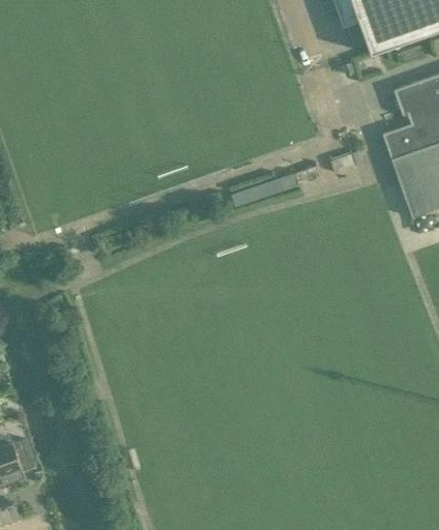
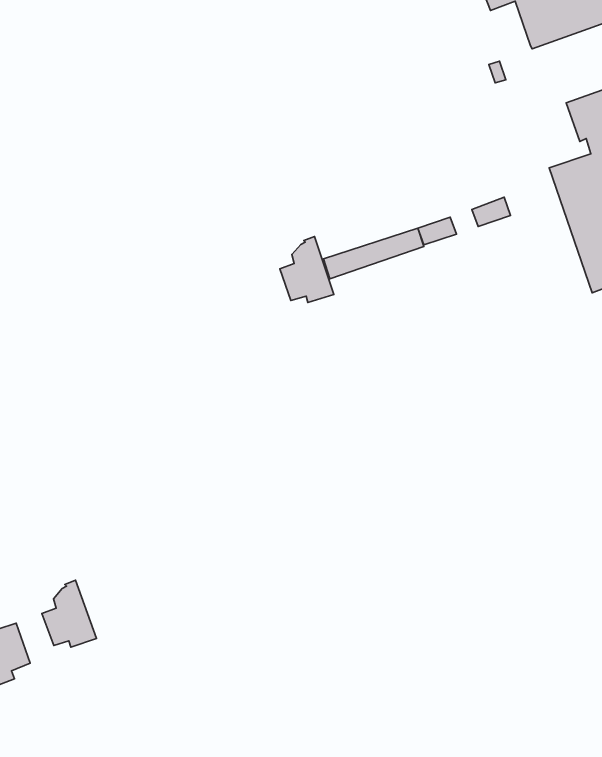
building: none -> [280,236,334,303]
building: none -> [42,580,97,647]

